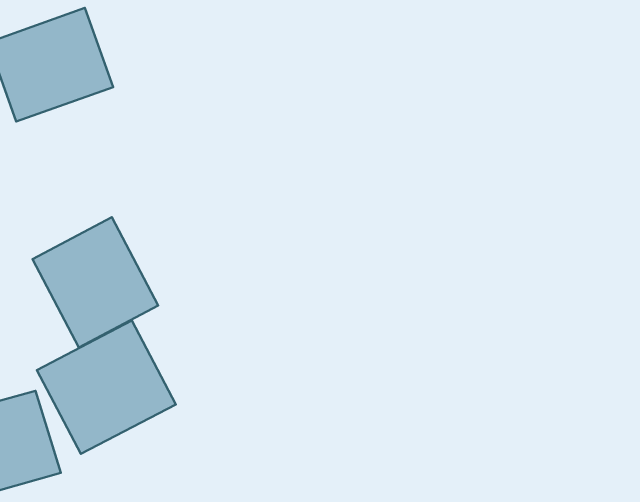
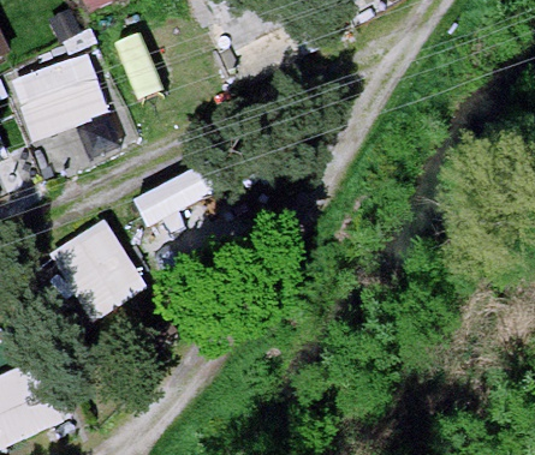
building: [37,321,176,454] -> none

